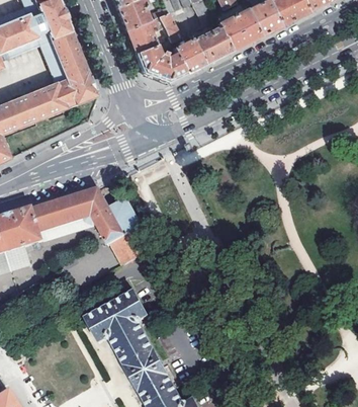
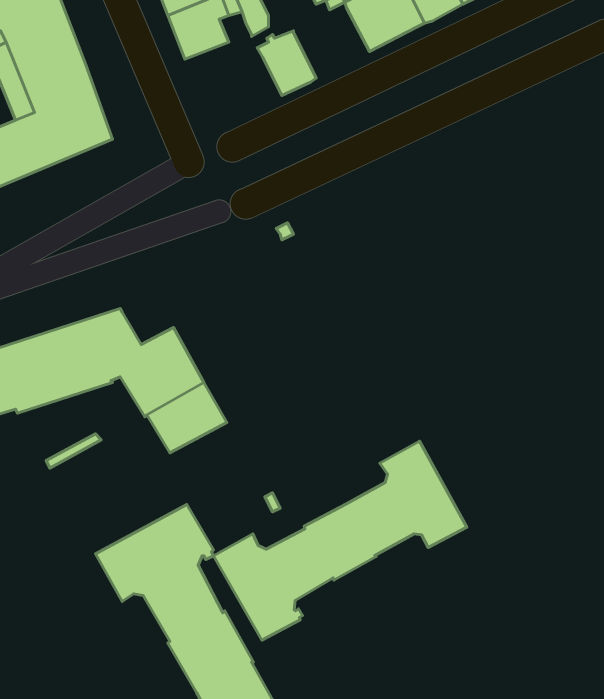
building: [191,26,232,64] -> none
building: [133,45,185,82] -> none
building: none -> [213,441,467,640]

